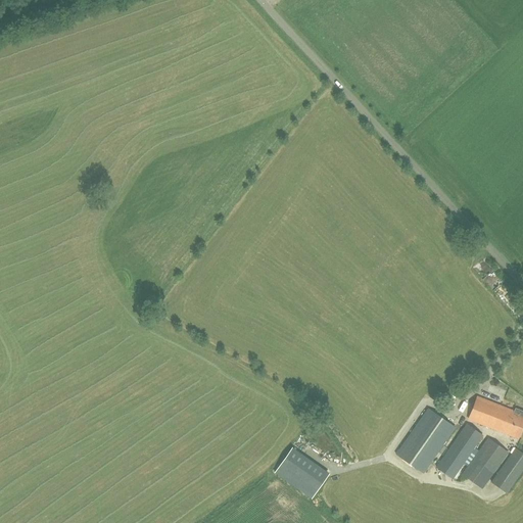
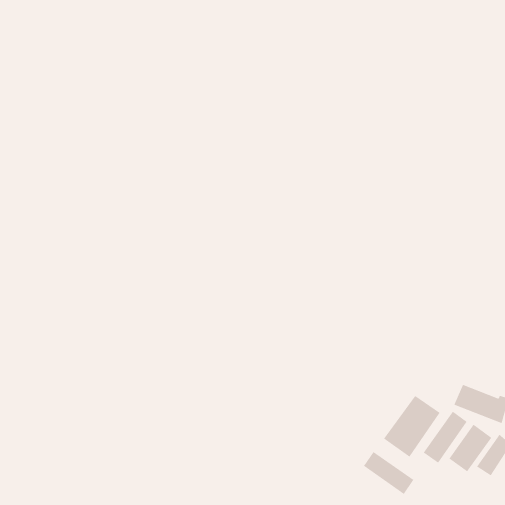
building: [277,455,323,494] -> none
building: none -> [363,451,414,495]

